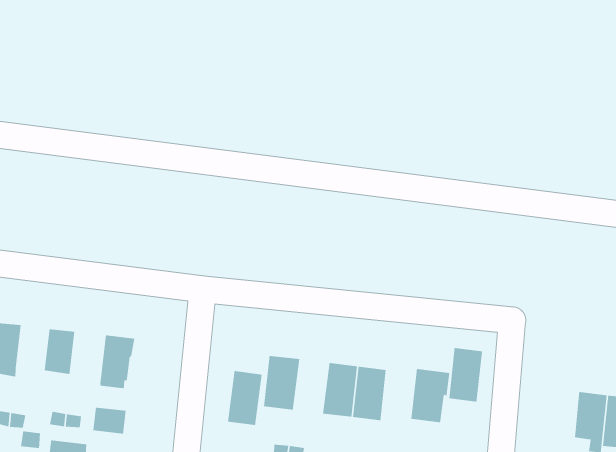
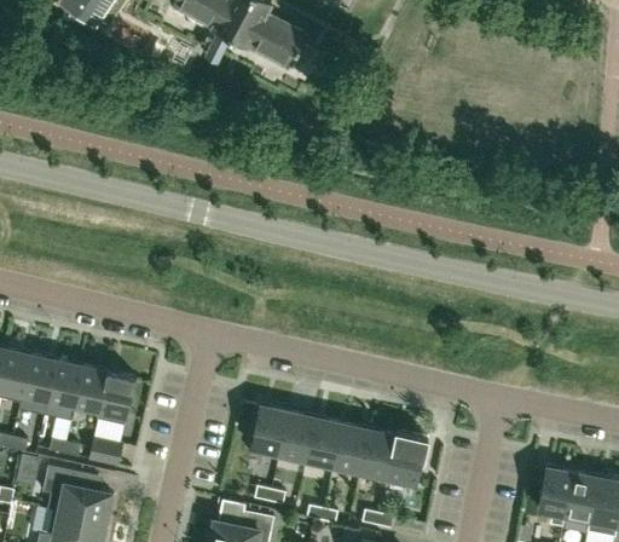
building: none -> [24,354,58,399]
building: none -> [73,365,110,416]
building: [448,346,483,402] -> [360,429,398,483]
building: [227,371,263,425] -> [279,411,317,465]

